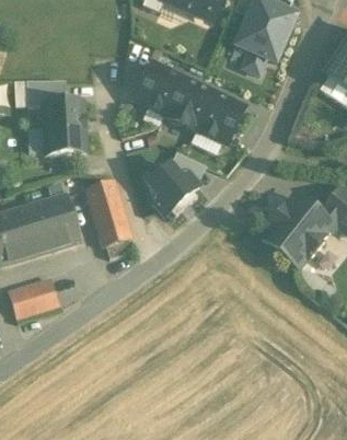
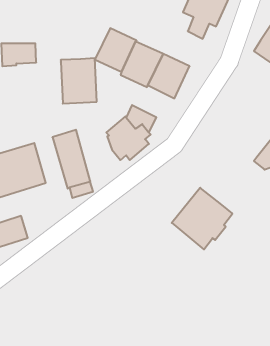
building: [45,101,86,153] -> [61,58,97,104]
building: [262,196,332,267] -> [172,188,232,249]

